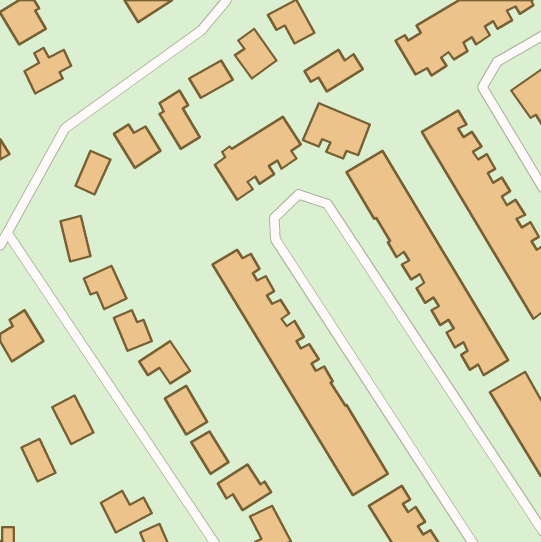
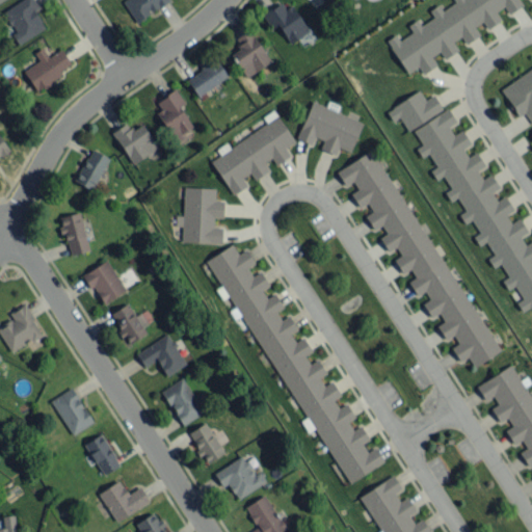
building: [305,50,363,91] -> [388,90,445,131]
building: none -> [177,188,225,244]
building: [22,439,56,481] -> [87,434,121,476]

